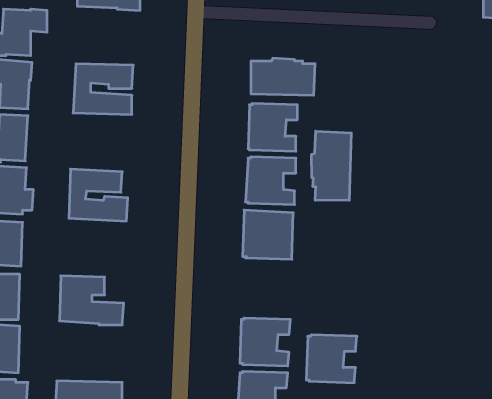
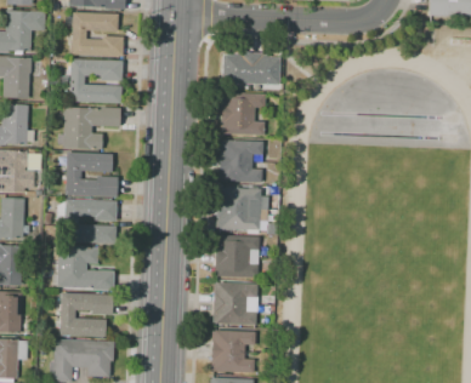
building: none -> [70,12,123,56]
building: none -> [62,107,119,149]
building: [312,131,351,200] -> none
building: none -> [62,199,115,244]
building: none -> [58,292,112,337]
building: [306,335,357,383] -> [217,236,262,279]

